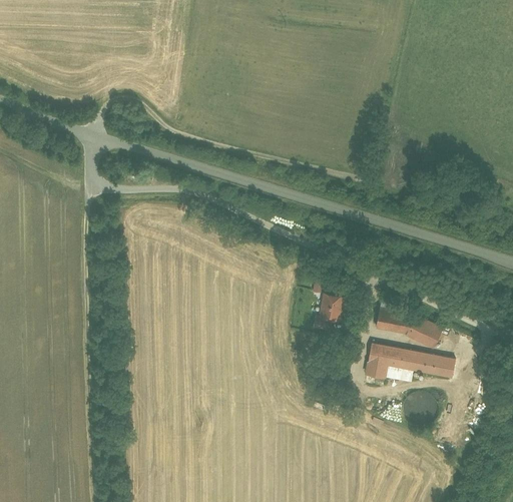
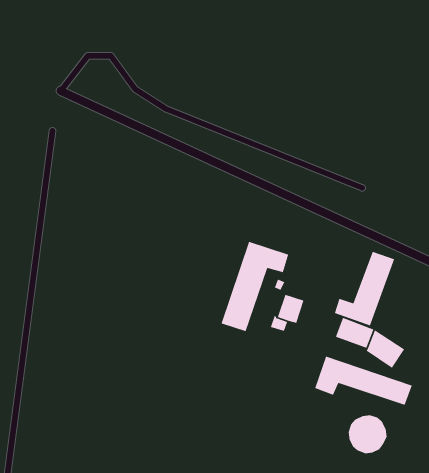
building: none -> [334,251,395,327]
building: none -> [221,241,289,332]

